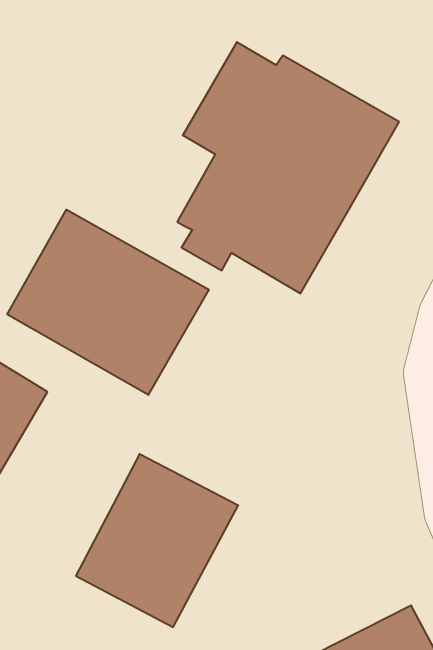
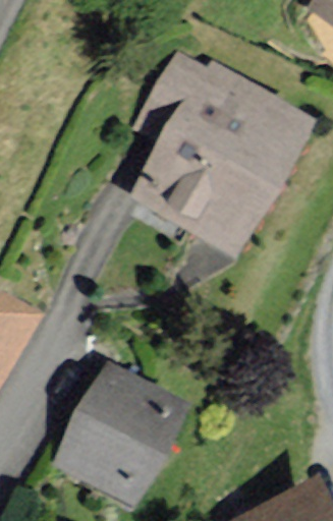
building: [7,210,209,395] -> none

